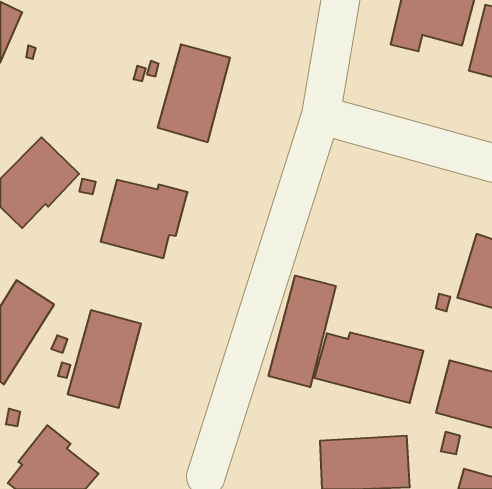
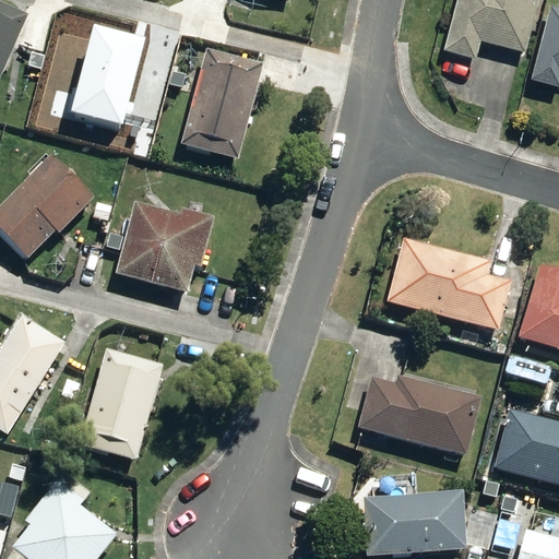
building: none -> [69,28,133,131]
building: none -> [386,238,511,330]
building: [269,276,336,387] -> none

